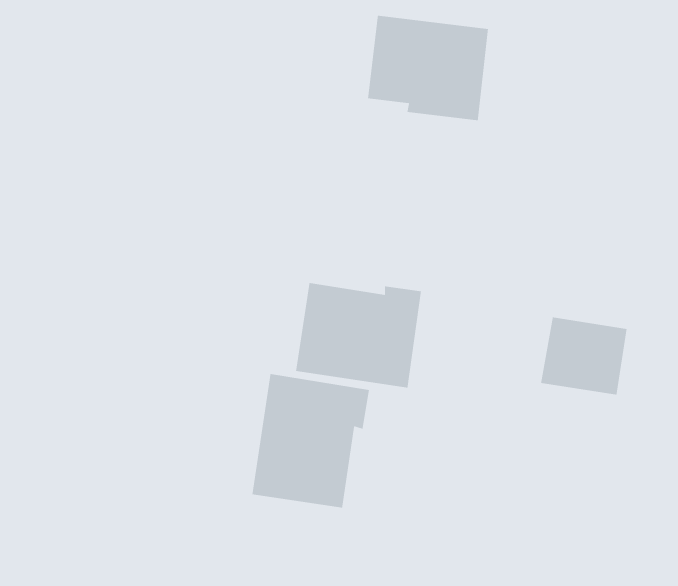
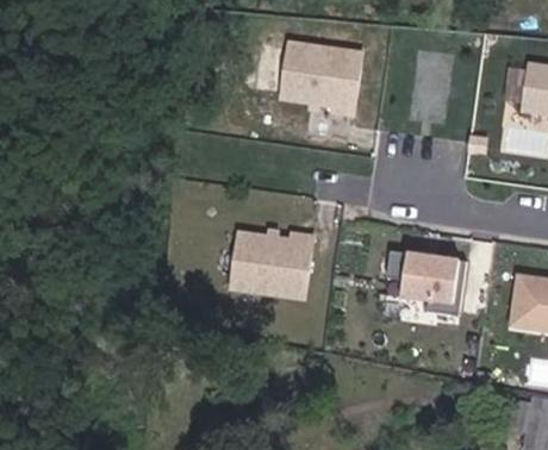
building: [251,373,370,508] -> none

